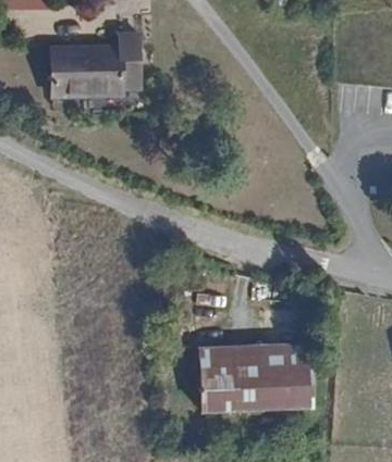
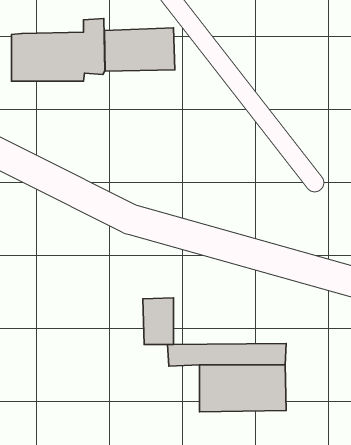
building: none -> [105,28,175,71]
building: [201,364,231,409] -> [143,298,174,344]

